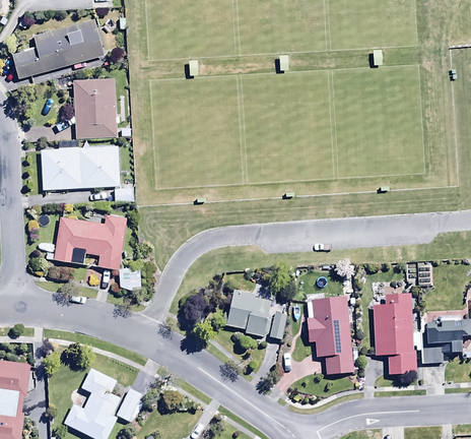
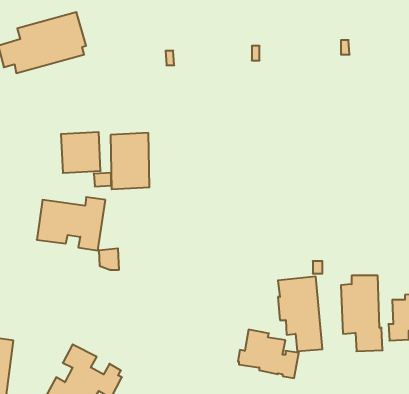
building: [74,79,115,138] -> [111,133,149,189]
building: [40,147,81,190] -> none
building: [223,290,287,340] -> [238,330,299,378]

